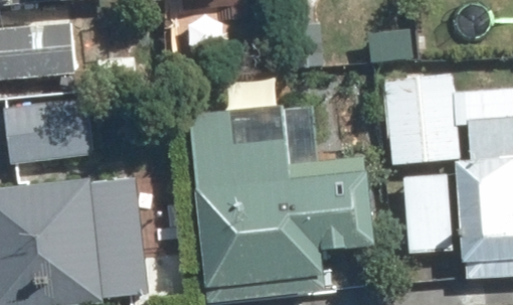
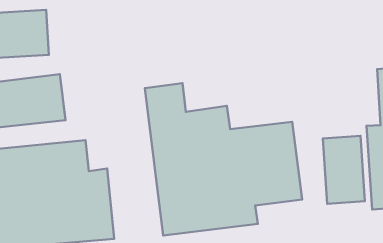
building: [380,73,457,164] -> none

